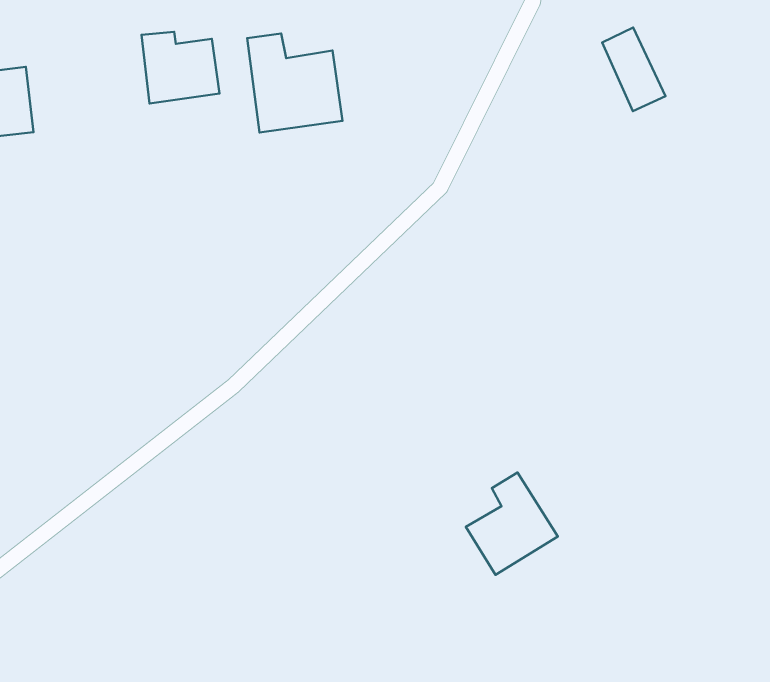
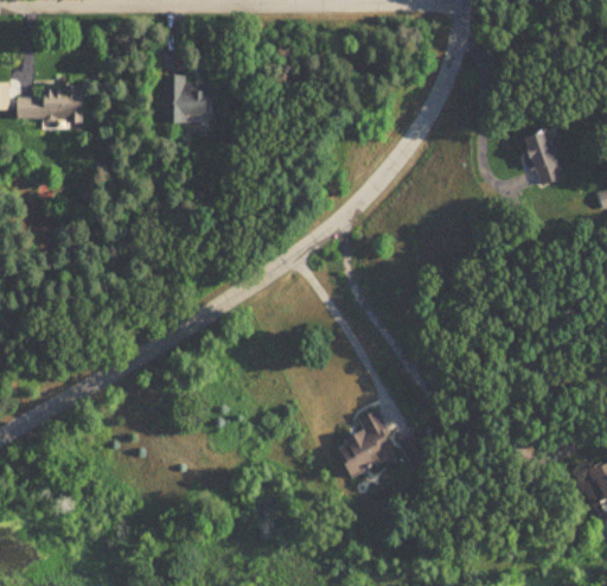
building: [602,28,666,111] -> [525,129,563,186]
building: [247,33,343,132] -> none

